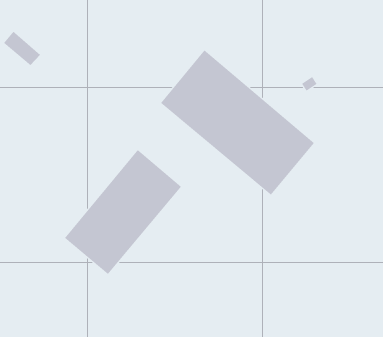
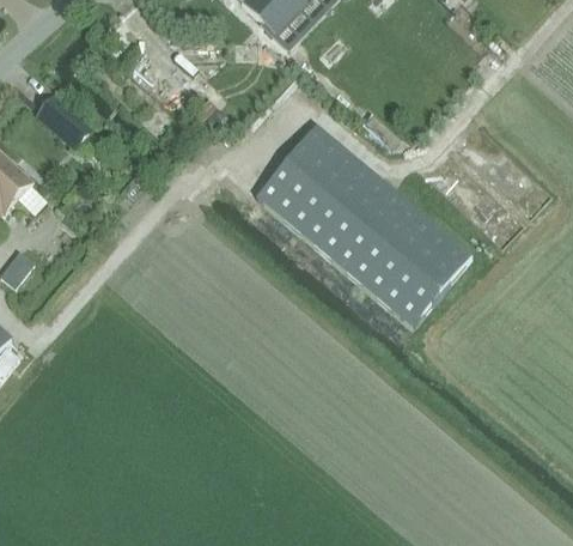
building: [64,149,182,275] -> none

